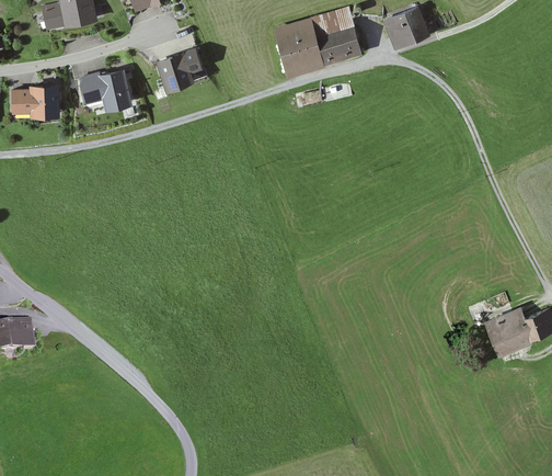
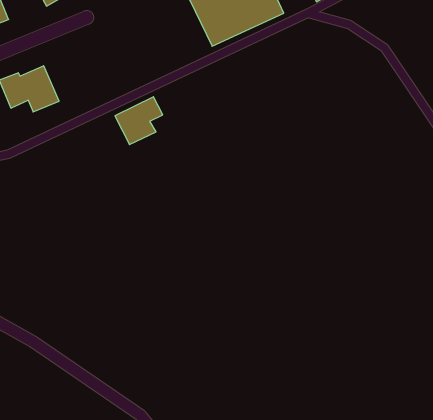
building: [157,50,203,93] -> [115,97,163,145]

